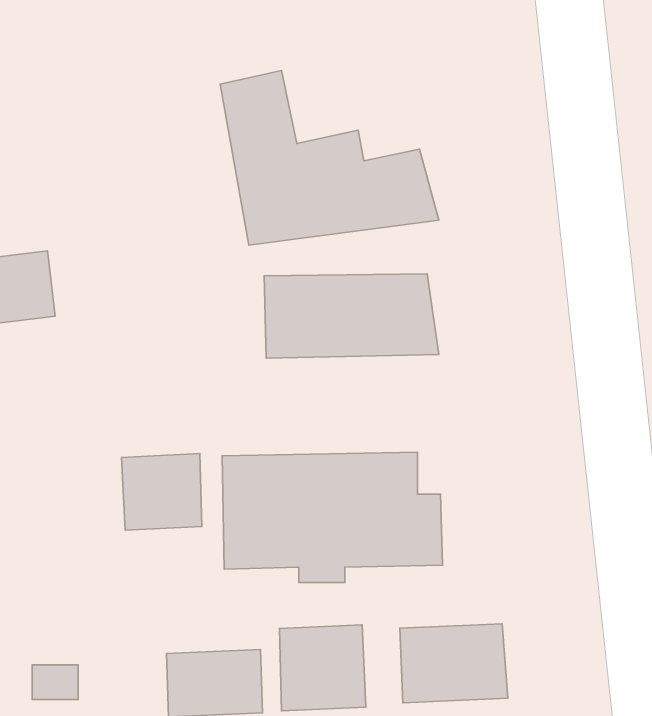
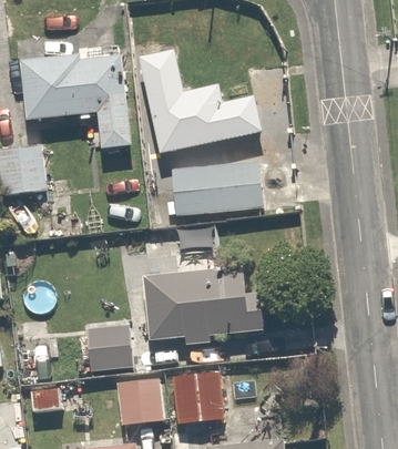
building: none -> [19,55,131,149]
building: [121,454,202,530] -> [85,327,132,371]
building: [400,624,508,703] -> none

